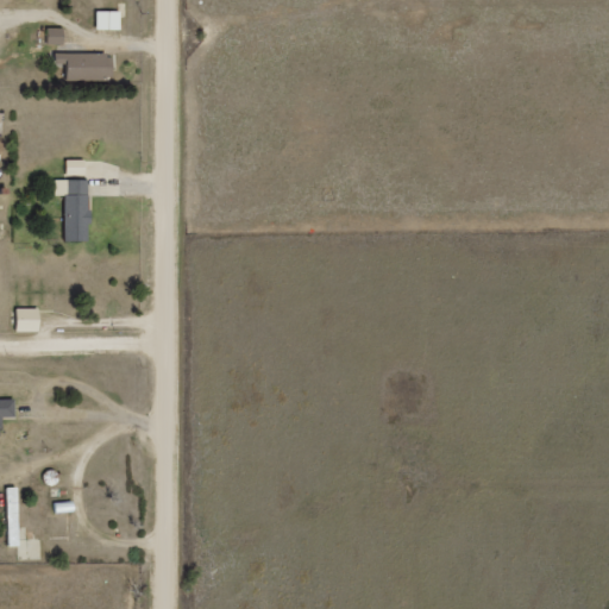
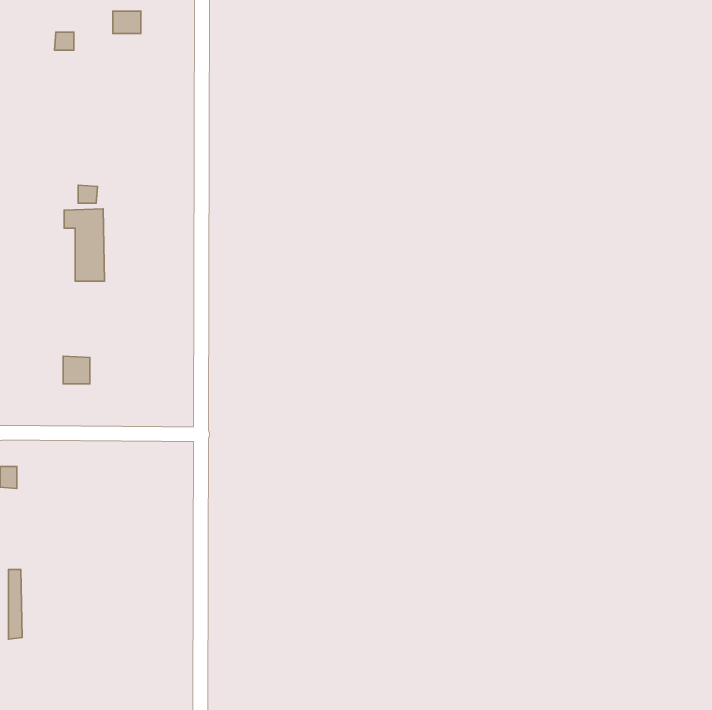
building: [54,52,112,79] -> none
building: [15,308,38,332] -> [63,356,90,384]

